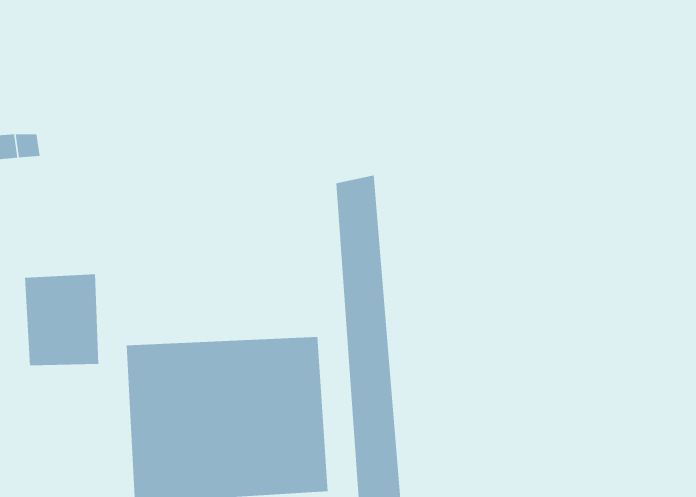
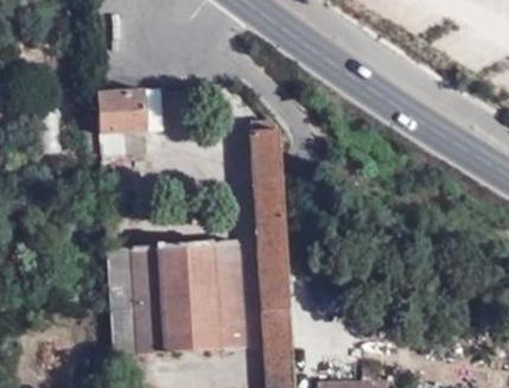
building: [24,274,99,366] -> [95,87,147,151]

